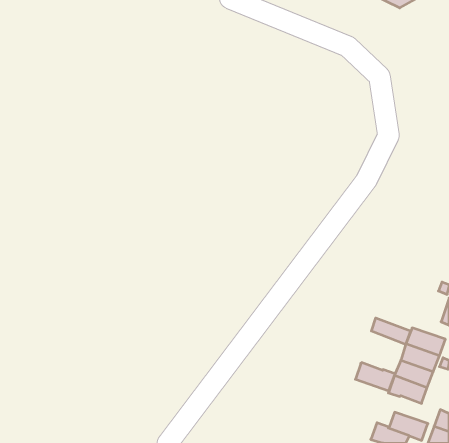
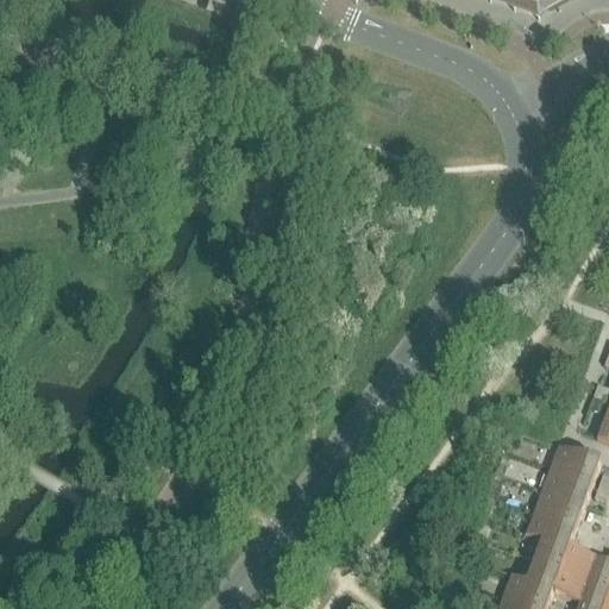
building: [371,318,411,344] -> none
building: [355,363,395,391] -> [534,535,588,573]

